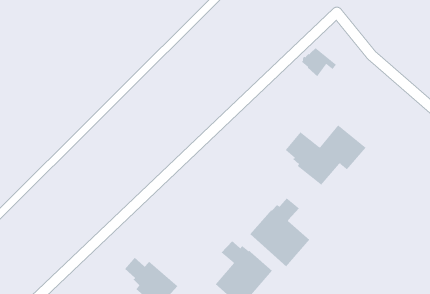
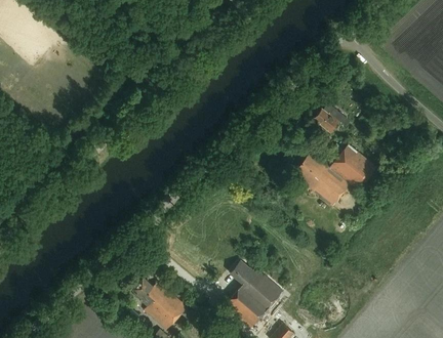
building: [301,48,337,77] -> [314,103,350,133]
building: [249,197,310,267] -> none

